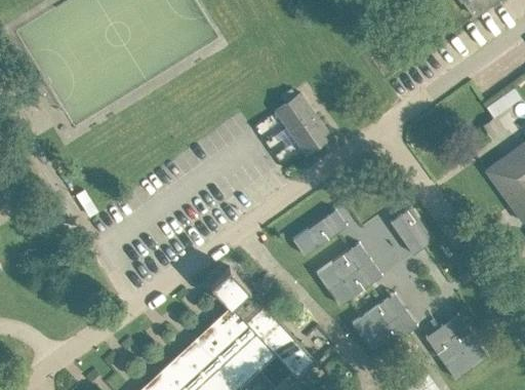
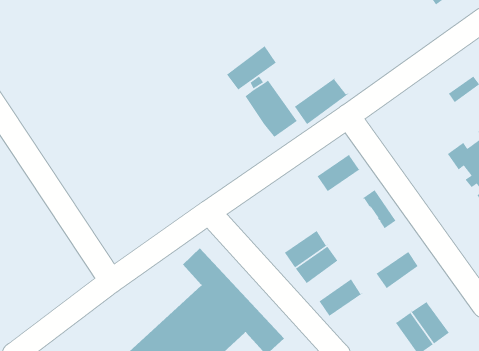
building: none -> [224,45,277,92]
building: none -> [294,76,350,125]
building: [292,213,339,255] -> [317,153,362,192]
building: [363,314,410,355] -> [376,250,421,289]

